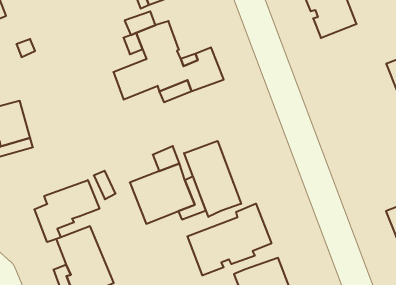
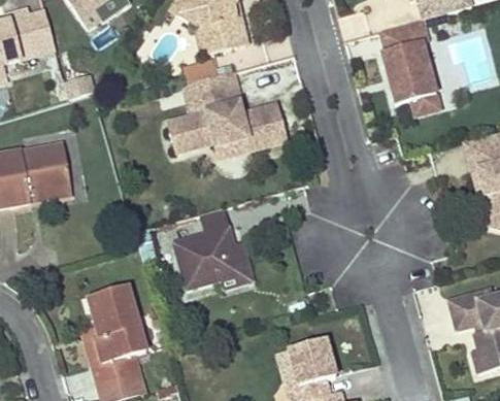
building: [184,141,241,217] -> none
building: [34,180,99,242] -> none
building: [187,204,271,275] -> none

